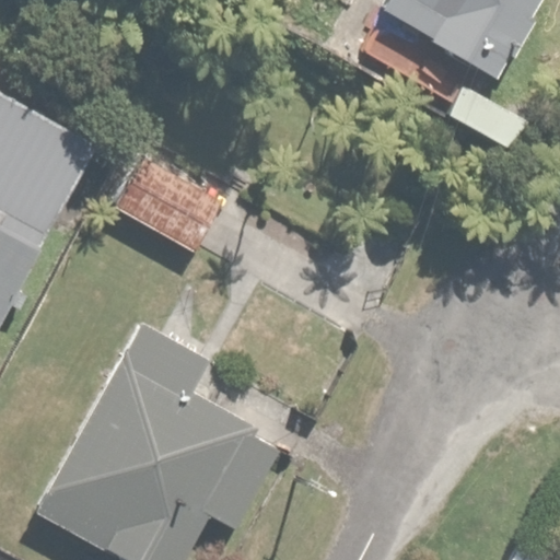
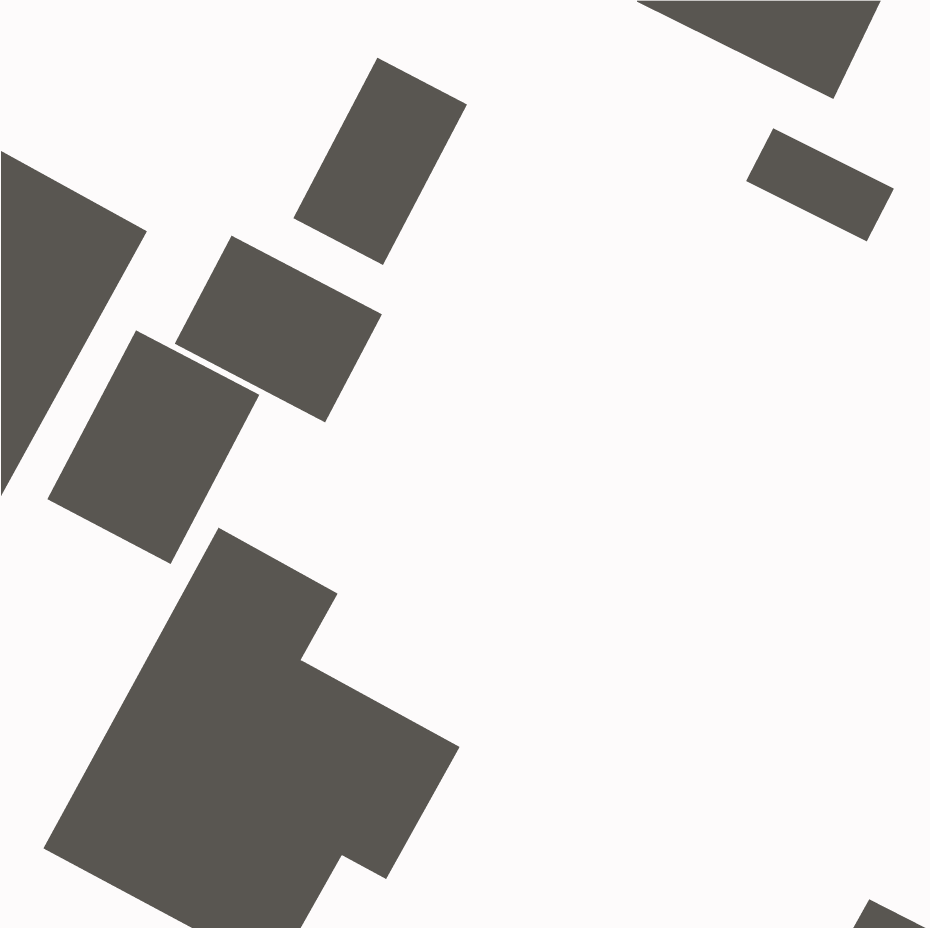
building: none -> [292,57,468,266]
building: none -> [46,329,260,565]

